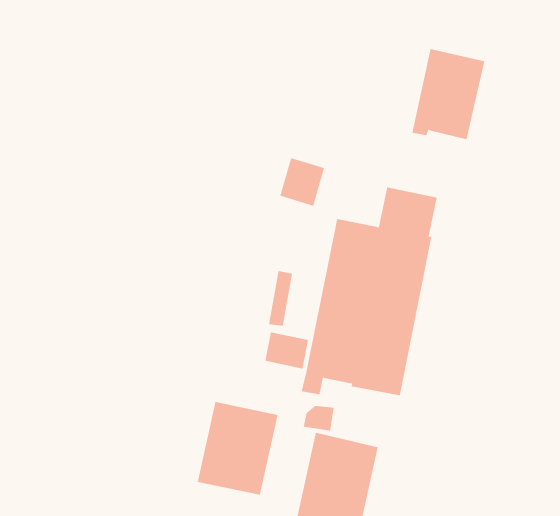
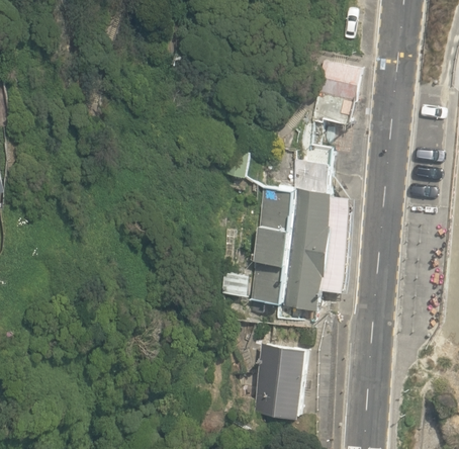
building: [197,401,278,496] -> none

